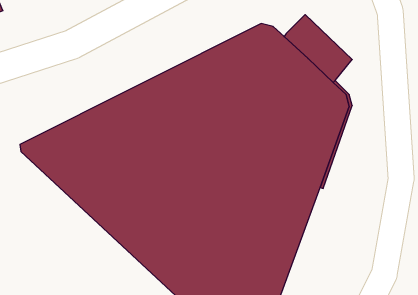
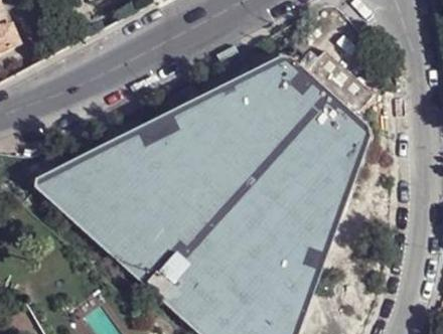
building: none -> [36,54,305,179]

